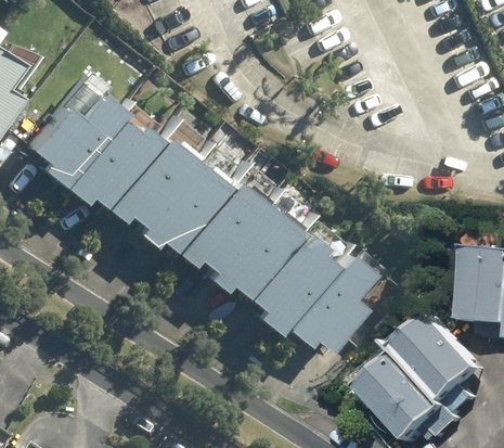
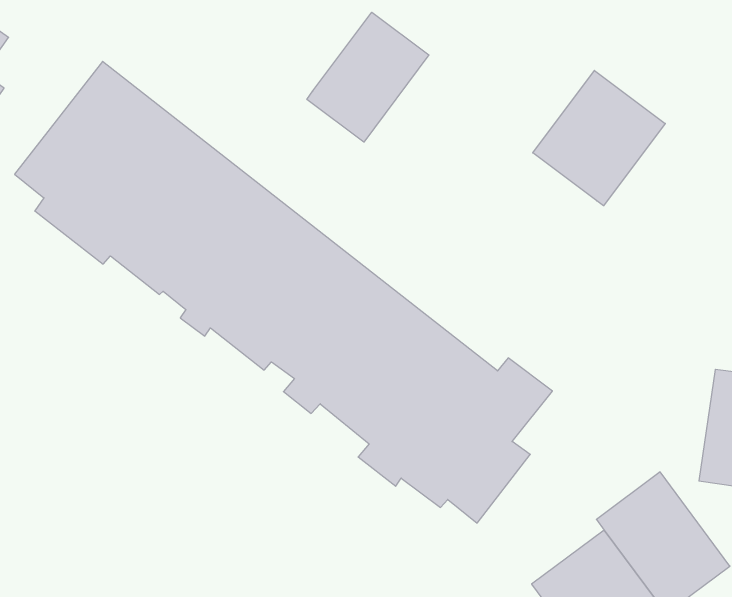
building: none -> [307,12,429,142]
building: none -> [533,70,665,206]

